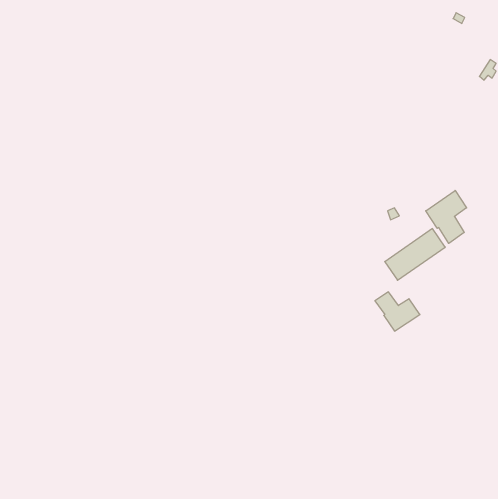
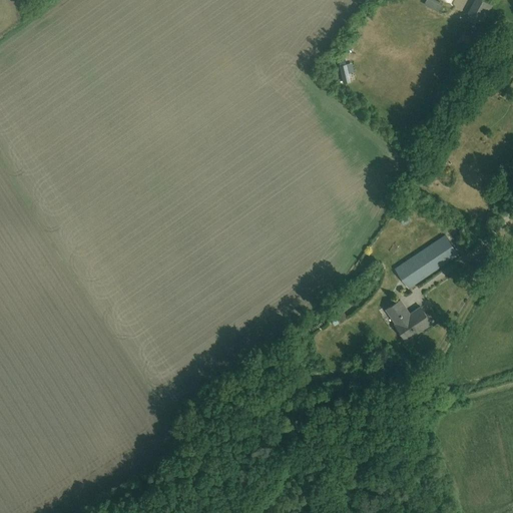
building: [426,190,467,243] -> none

